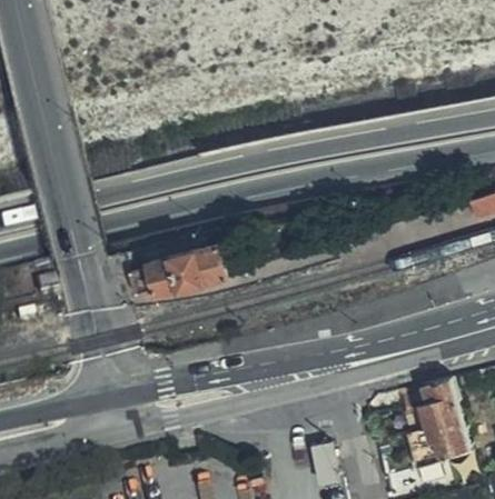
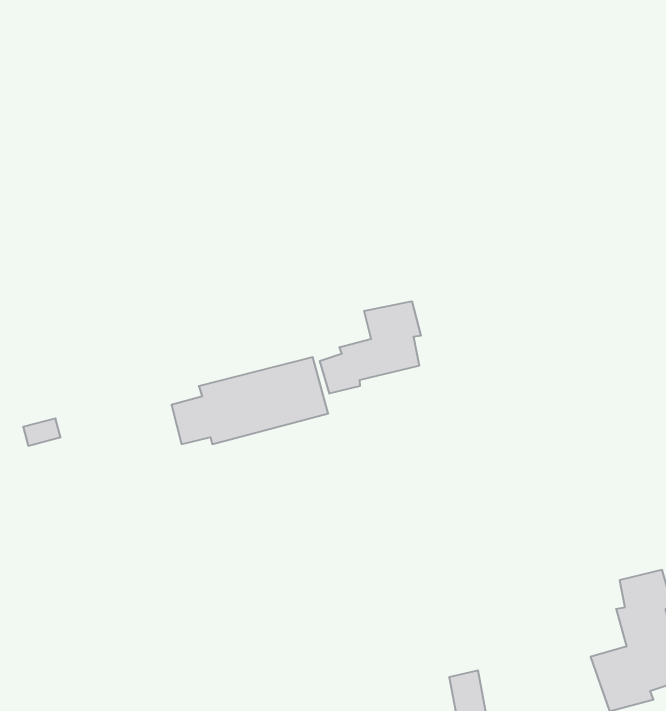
building: none -> [320,301,421,394]

